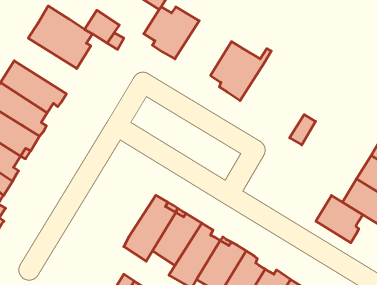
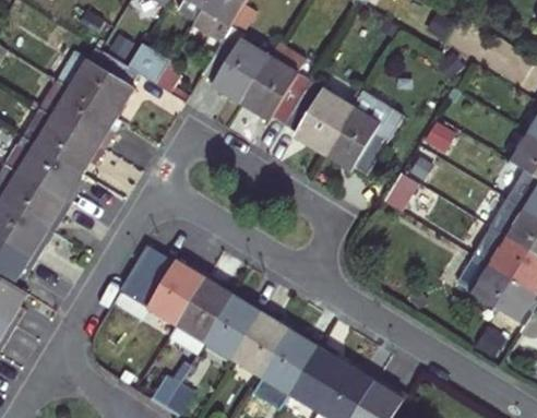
building: none -> [239,57,310,126]
building: none -> [37,79,116,148]
building: none -> [321,95,399,176]
building: none -> [126,249,215,329]
building: [316,195,363,243] -> none

